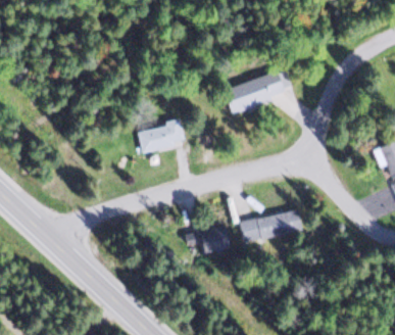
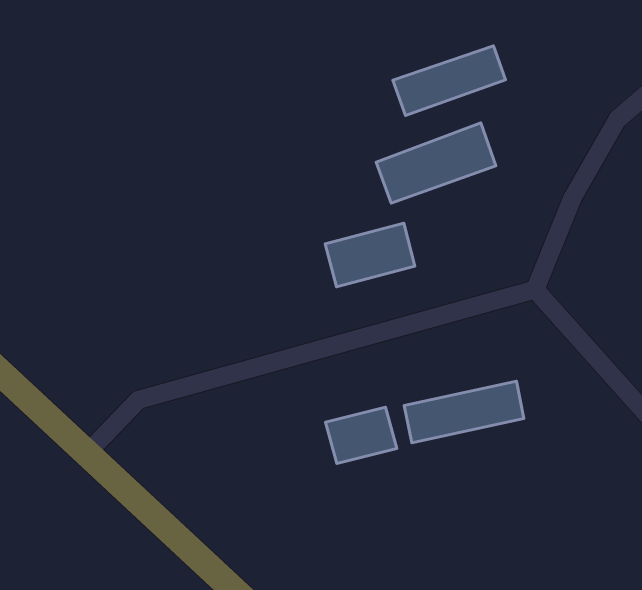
building: none -> [393,46,505,115]
building: [137,117,186,152] -> [325,223,415,287]

